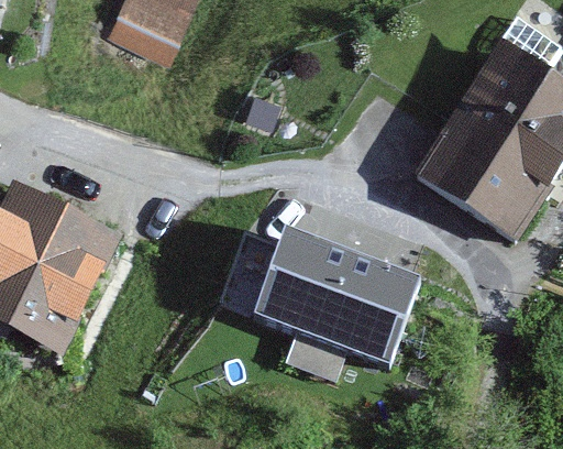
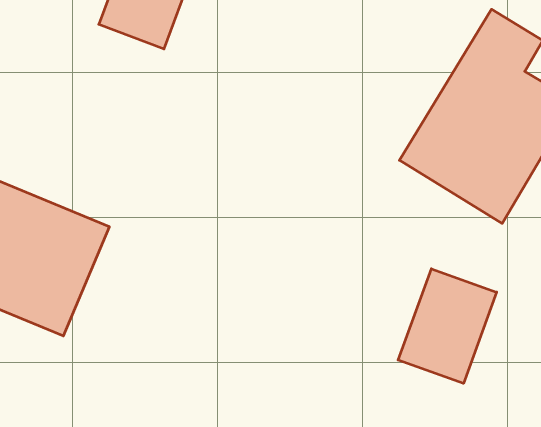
building: [214,226,426,368] -> none
building: none -> [398,269,497,383]

